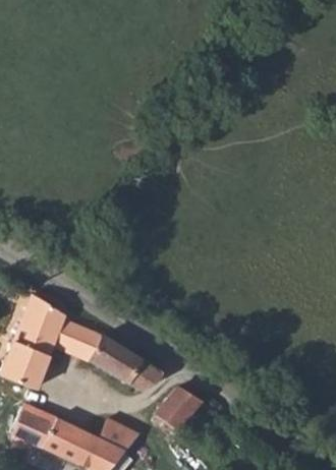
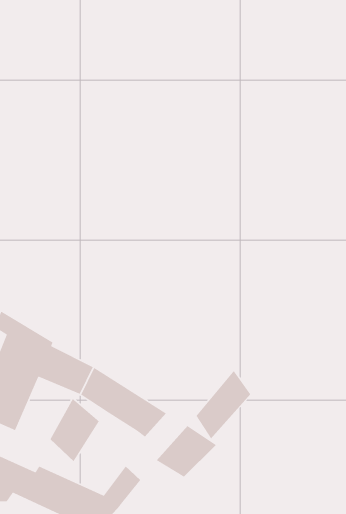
building: none -> [196,370,251,440]
building: none -> [49,398,100,462]

